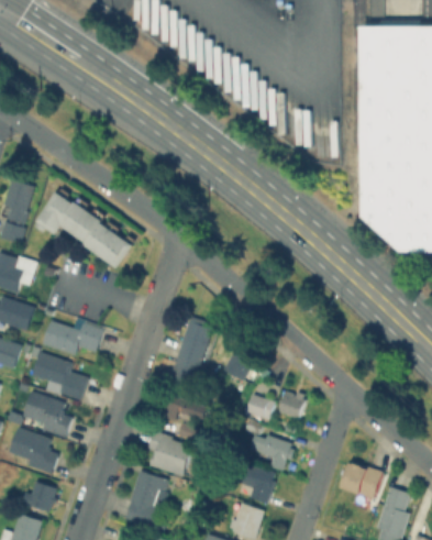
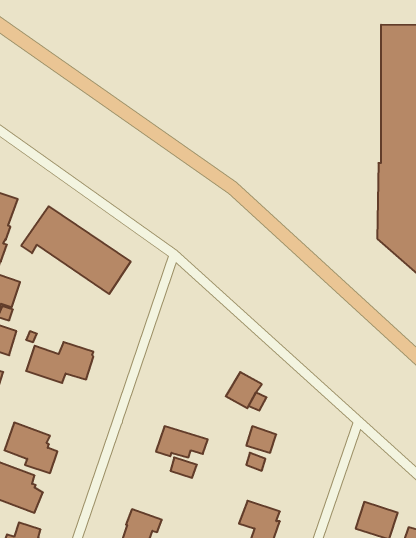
building: [167,316,213,393] -> none
building: [32,351,88,399] -> none
building: [278,390,306,418] -> none
building: [145,430,190,475] -> none
building: [248,436,290,472] -> none

